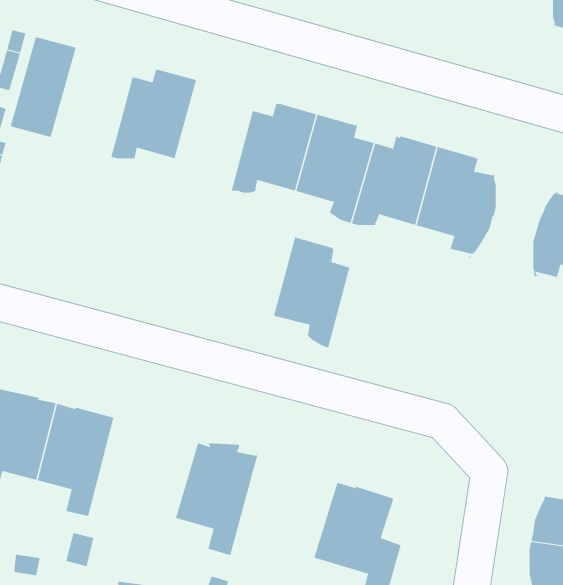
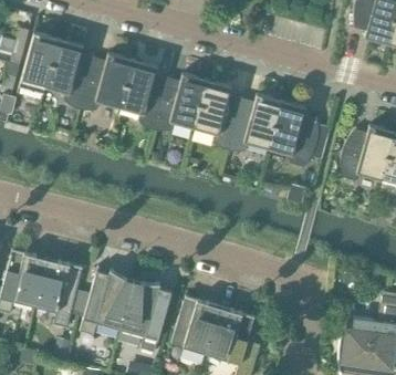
building: none -> [45,40,93,107]
building: [273,237,350,348] -> [119,60,167,128]
building: none -> [79,267,134,336]
building: none -> [170,296,219,354]

